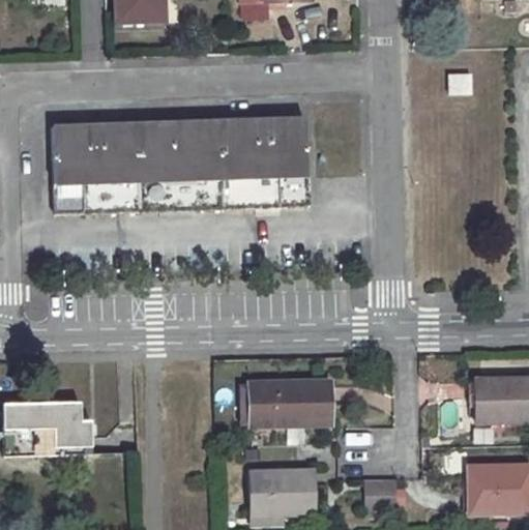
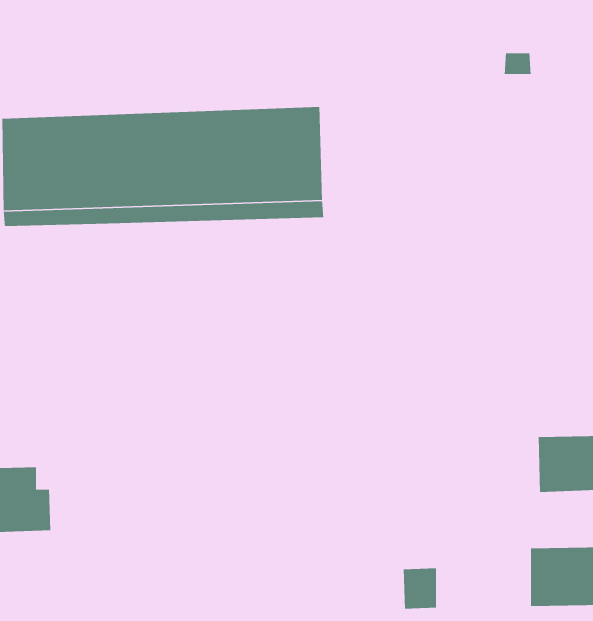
building: [249,380,329,423] -> none
building: [249,468,314,512] -> none

